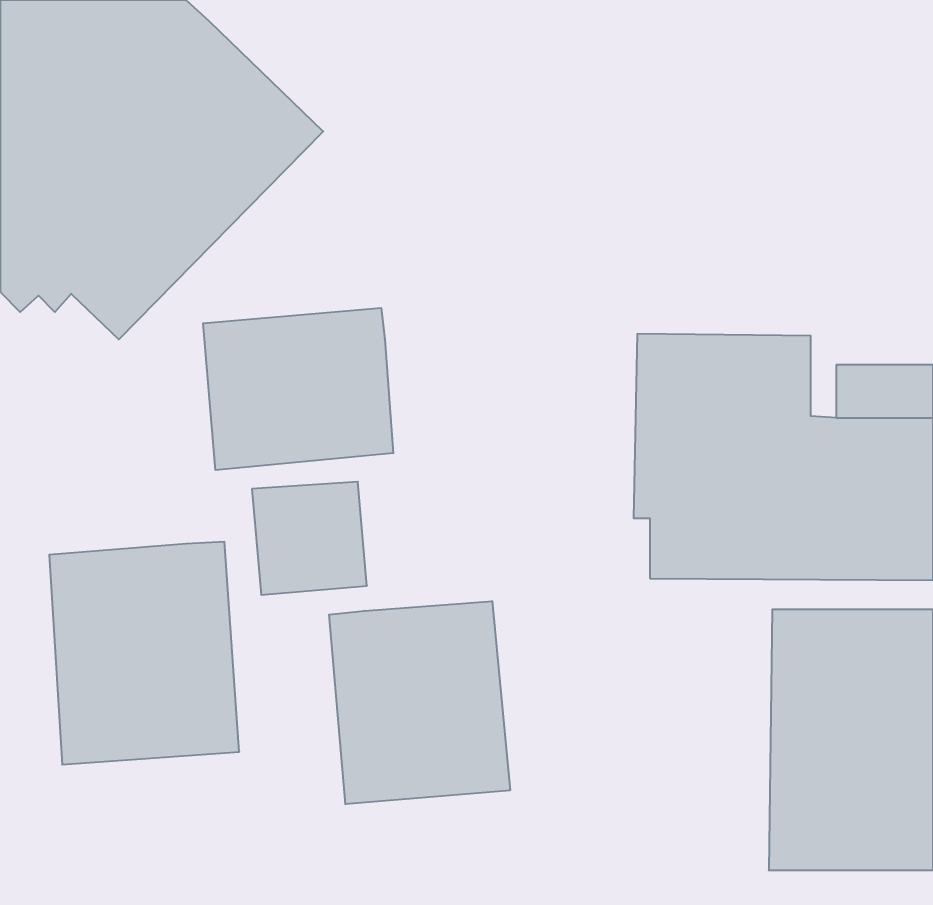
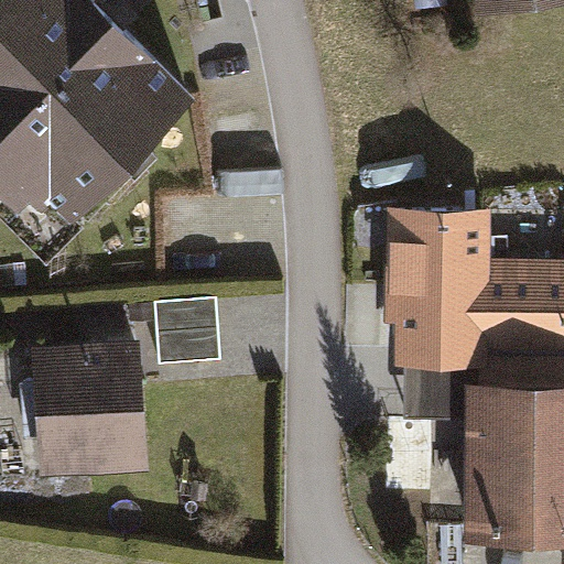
building: [203,308,393,470] -> none
building: [329,601,510,804] -> none

